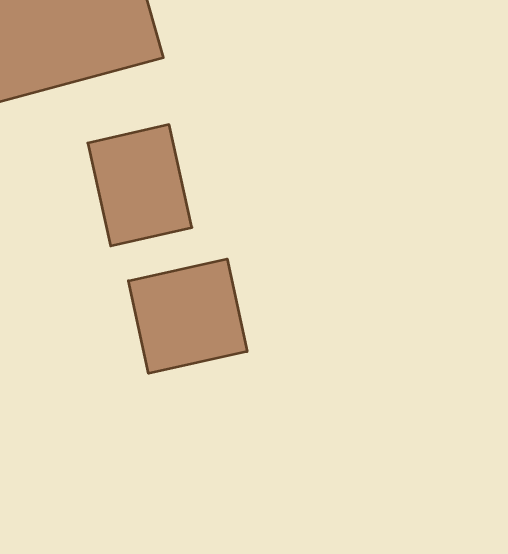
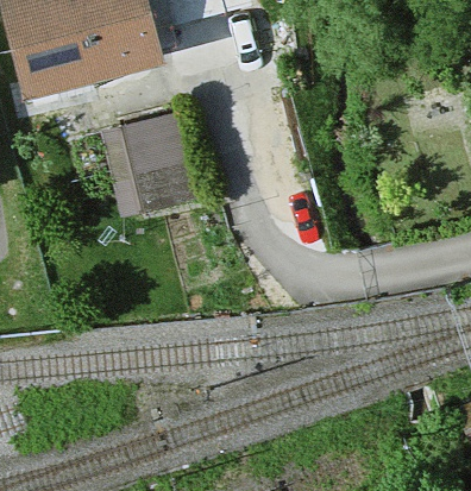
building: [128,259,247,373] -> none

